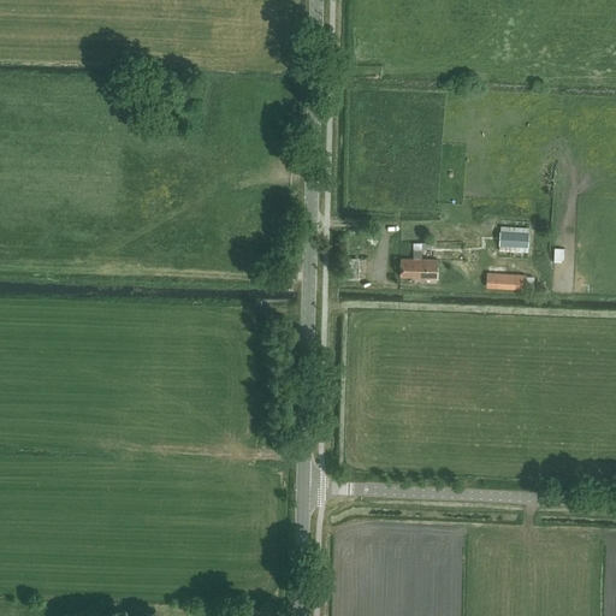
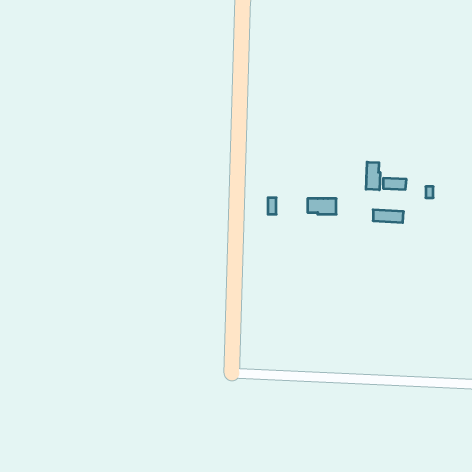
building: none -> [366,162,380,190]

